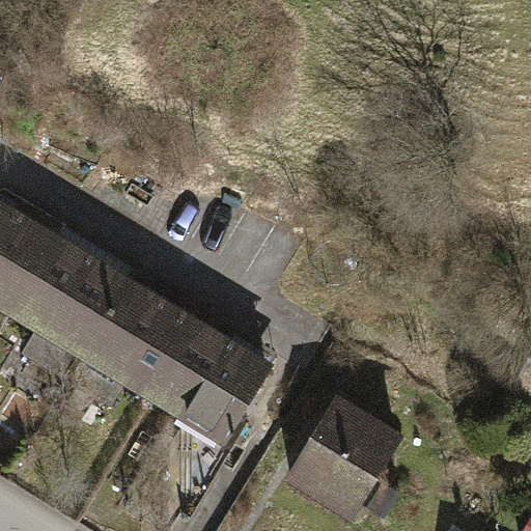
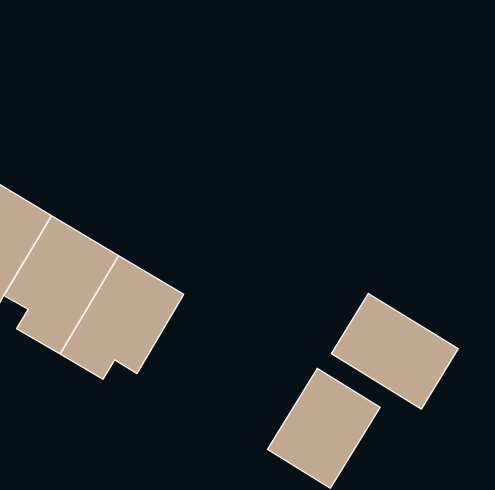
building: none -> [331,293,458,409]
building: [146,314,267,440] -> none

